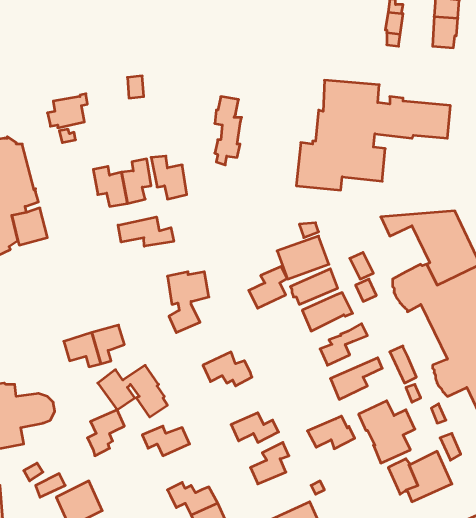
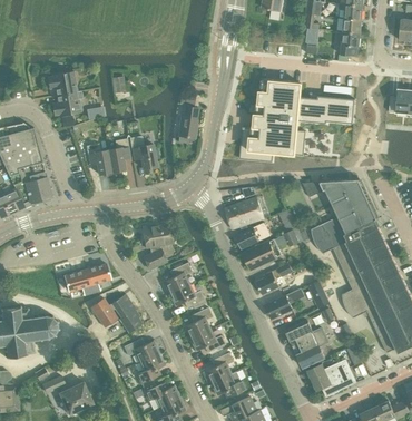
building: none -> [47,72,76,96]
building: [118,217,174,246] -> none
building: [249,267,287,308] -> [161,263,190,294]
building: none -> [184,307,212,339]
building: [87,410,124,456] -> [136,353,164,388]
building: [307,416,355,449] -> [209,372,245,396]

